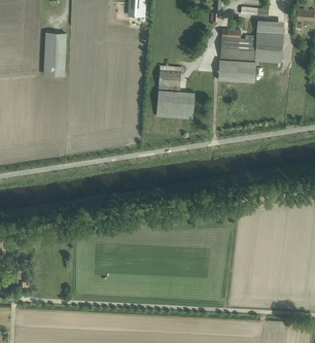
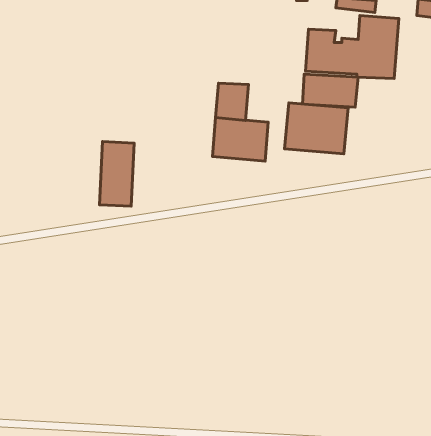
building: [43,31,67,75] -> [100,142,134,206]
building: none -> [285,103,348,154]

